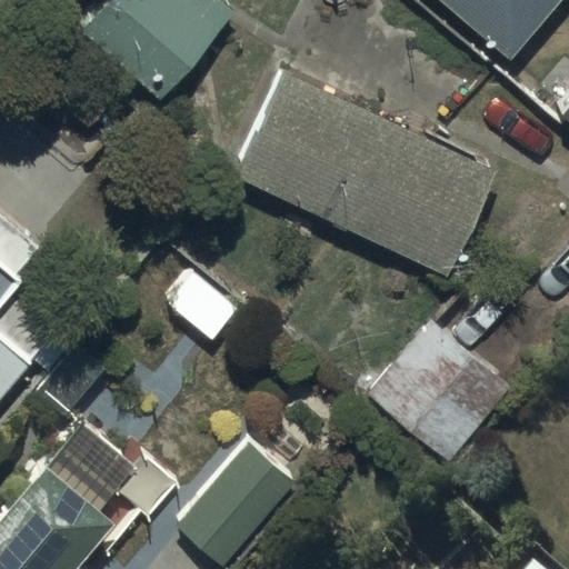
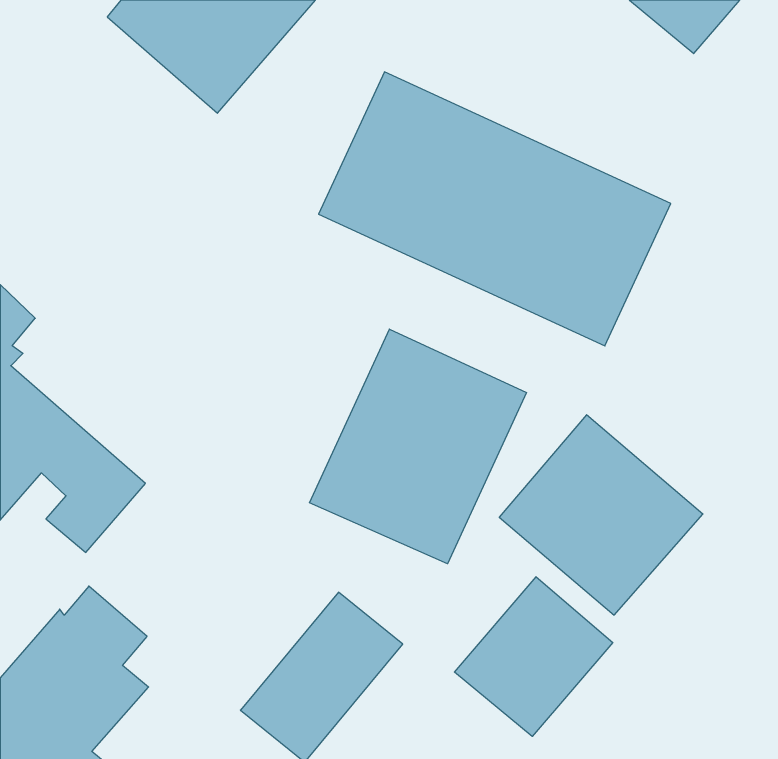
building: none -> [310,329,527,564]
building: none -> [454,577,613,736]

